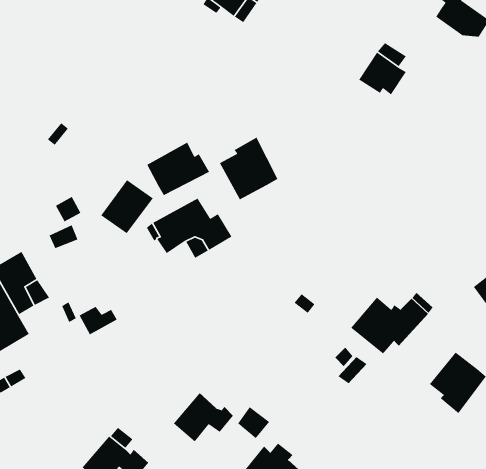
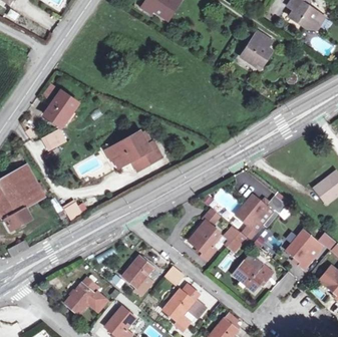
building: [219,137,278,200] -> none
building: [146,142,210,196] -> none
building: [100,179,154,234] -> [43,91,77,126]
building: none -> [188,208,220,259]
building: none -> [233,254,272,291]

